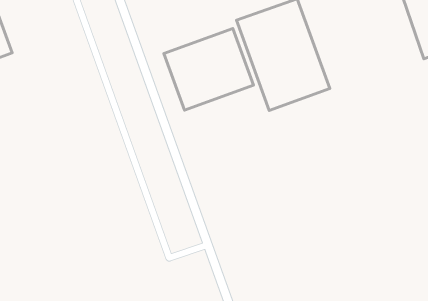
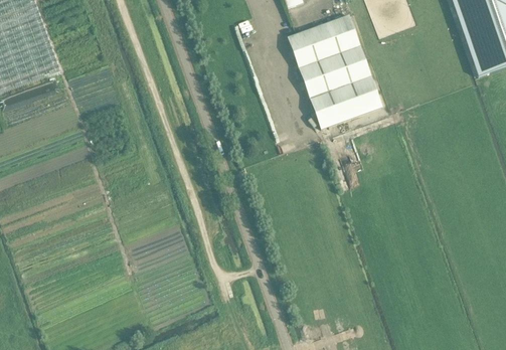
building: [164,28,253,110] -> none

